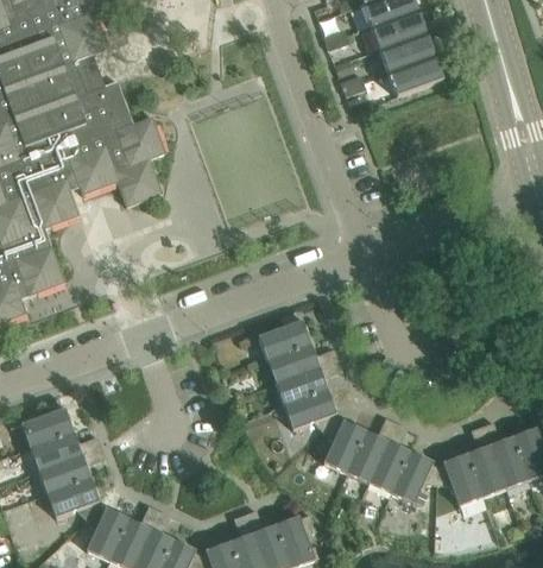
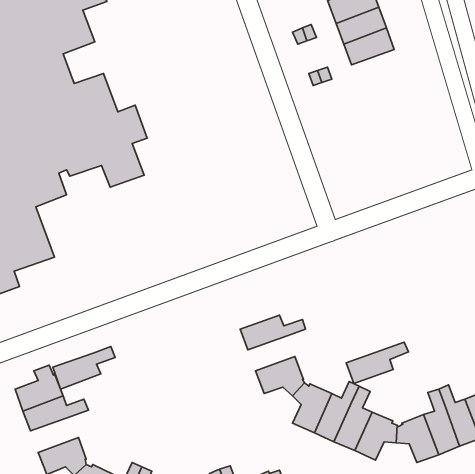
building: [387,56,442,96] -> none
building: [258,311,309,360] -> none
building: [274,360,342,405] -> [346,342,408,384]
building: [38,448,106,494] -> [53,347,115,389]

